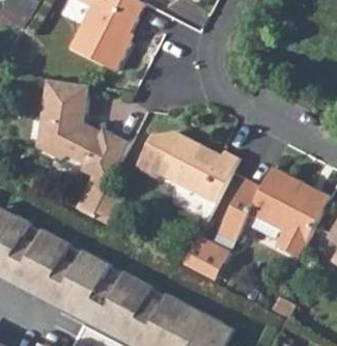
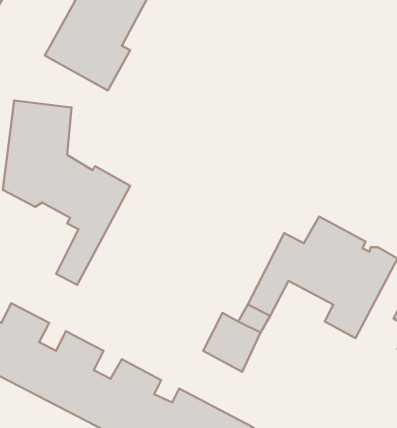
building: [135,133,238,205] -> none

